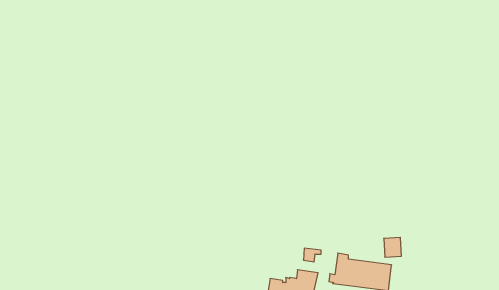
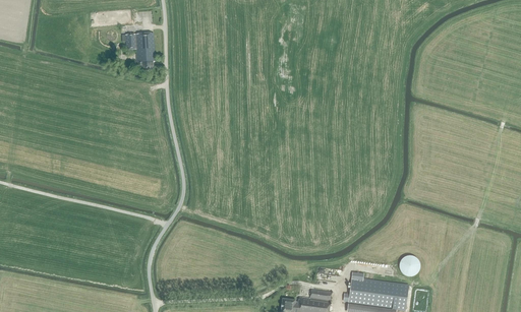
building: none -> [122,33,155,71]

